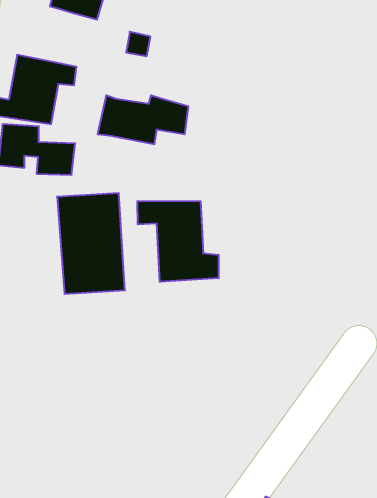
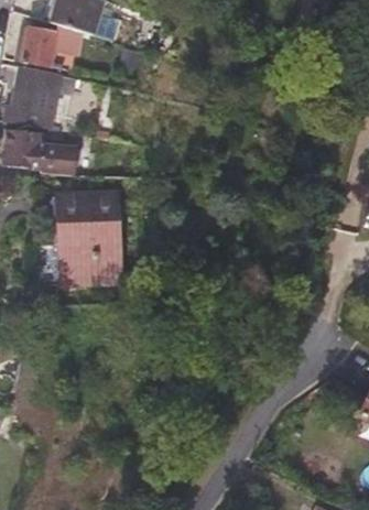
building: [98,95,188,144] -> [12,23,95,67]
building: [138,201,219,282] -> none

